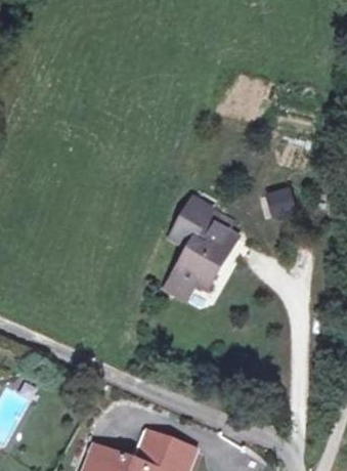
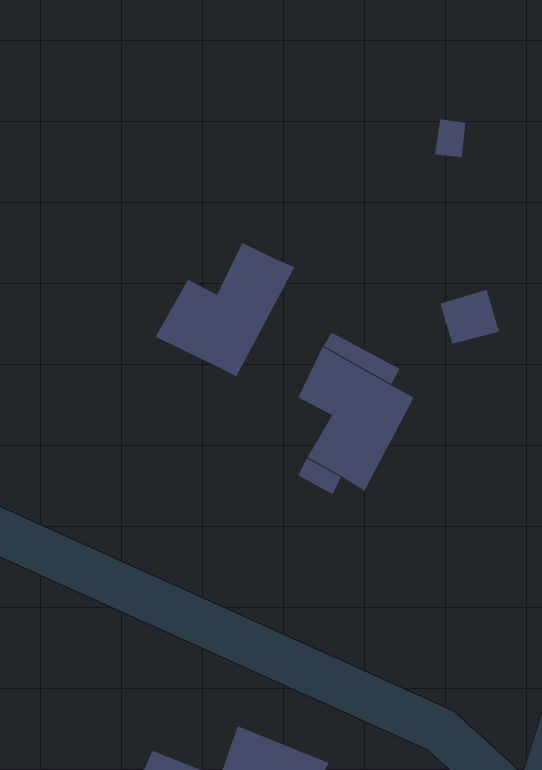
building: none -> [155,242,295,377]

